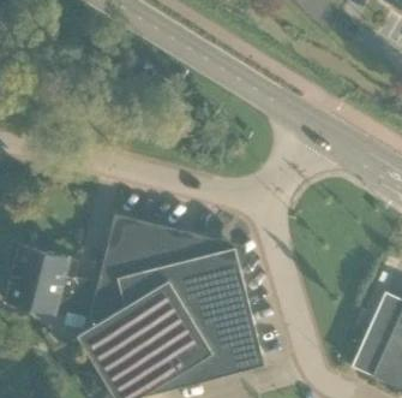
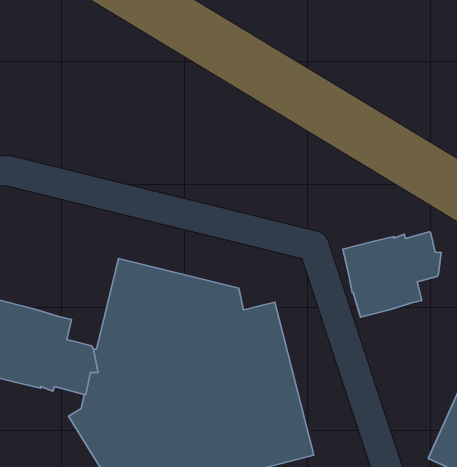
building: none -> [343,232,441,317]

